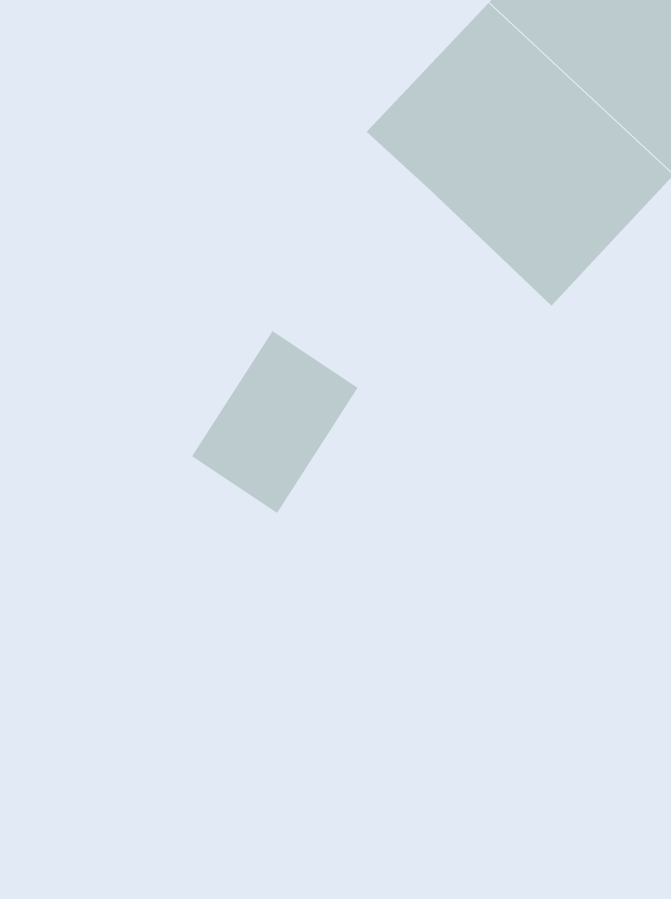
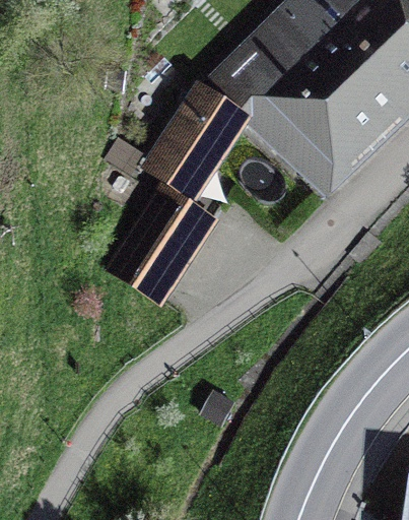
building: none -> [151,81,248,193]

